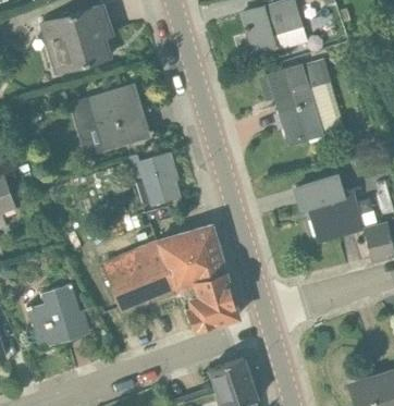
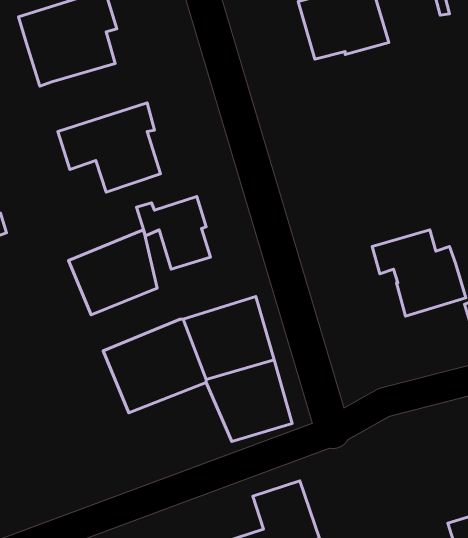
building: [261,61,329,143] -> none
building: none -> [69,230,157,315]
building: [34,283,83,346] -> none

